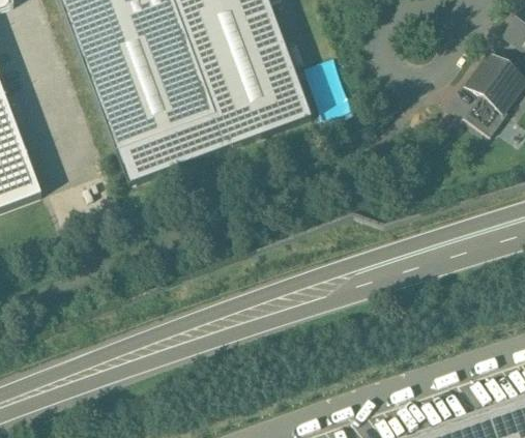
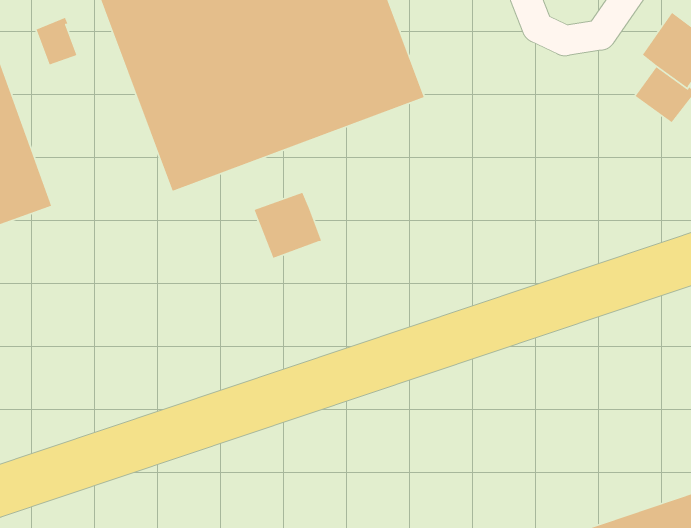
building: none -> [36,17,77,66]
building: none -> [254,192,322,259]

